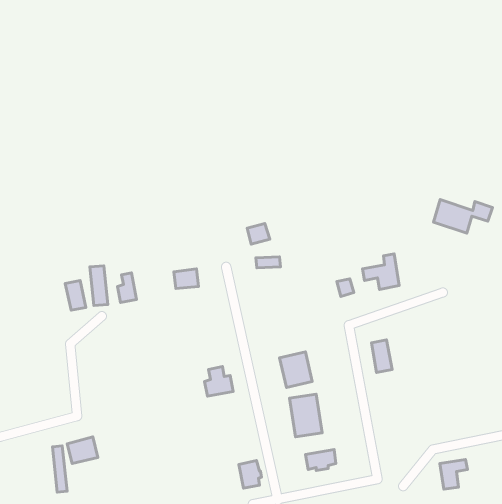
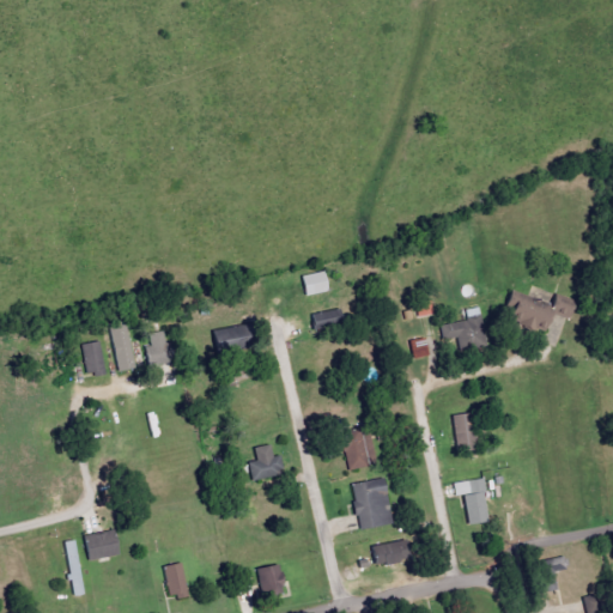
building: [433,199,493,233] -> [505,291,577,332]
building: none -> [456,481,490,529]
building: [239,460,261,488] -> [257,569,285,602]
building: none -> [165,563,189,599]

